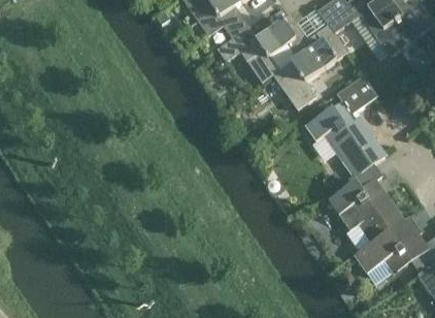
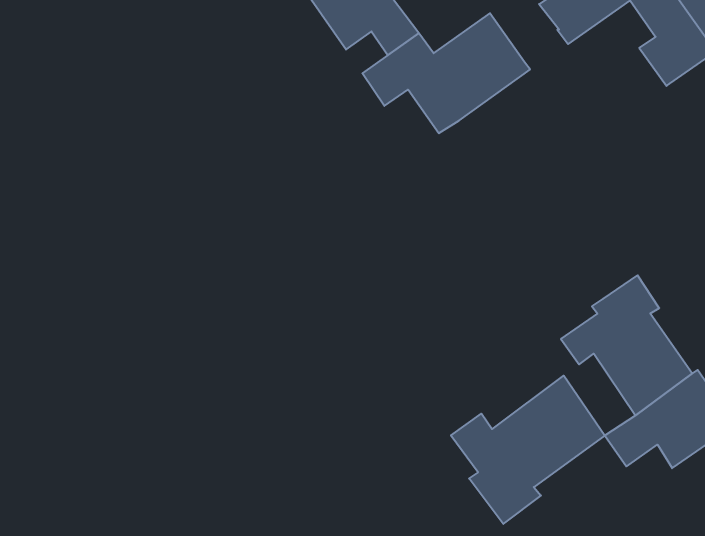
building: [271,23,346,109] -> none
building: [305,73,386,176] -> none
building: none -> [451,376,605,524]

